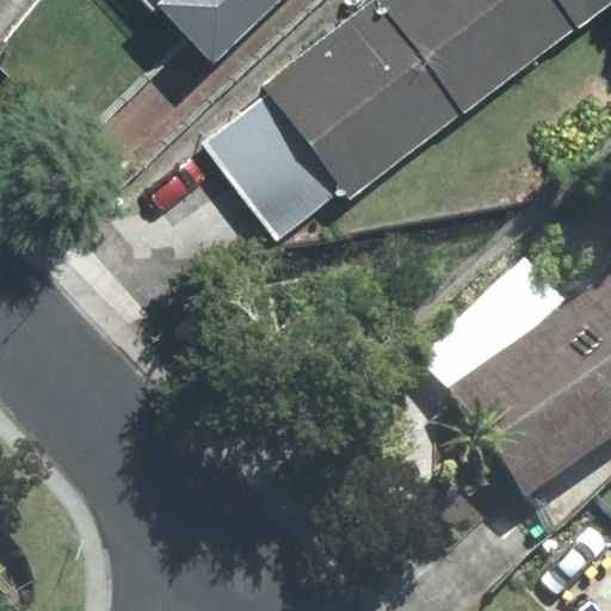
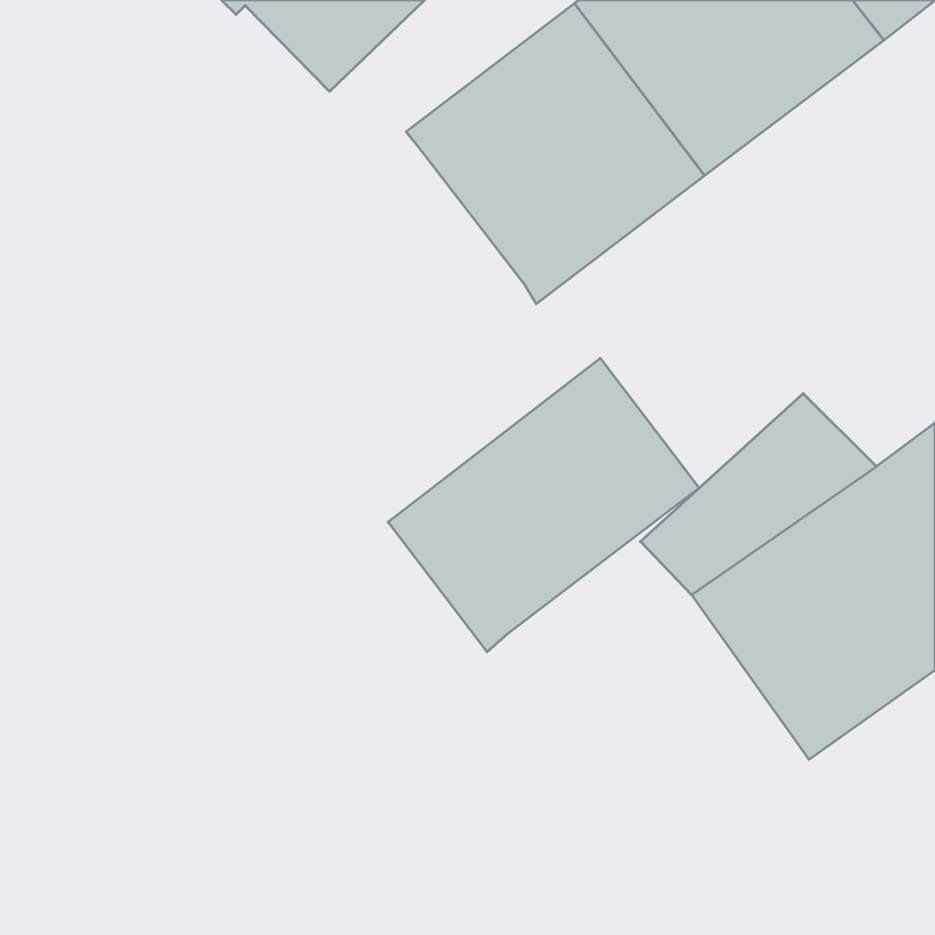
building: [205,92,342,235] -> none
building: none -> [388,358,699,652]

